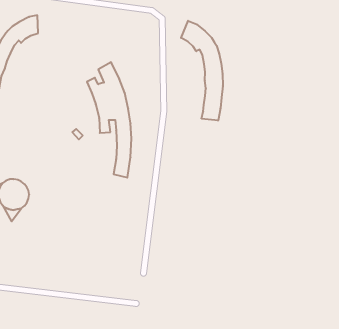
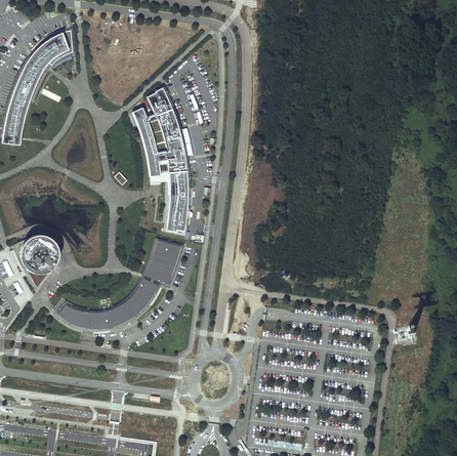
building: [181,21,223,121] -> none
building: none -> [51,237,183,332]

